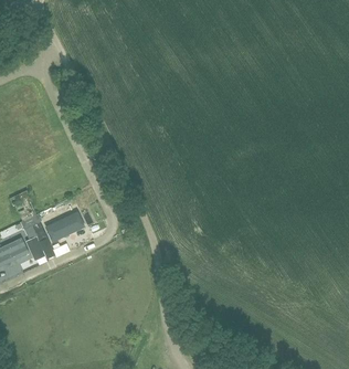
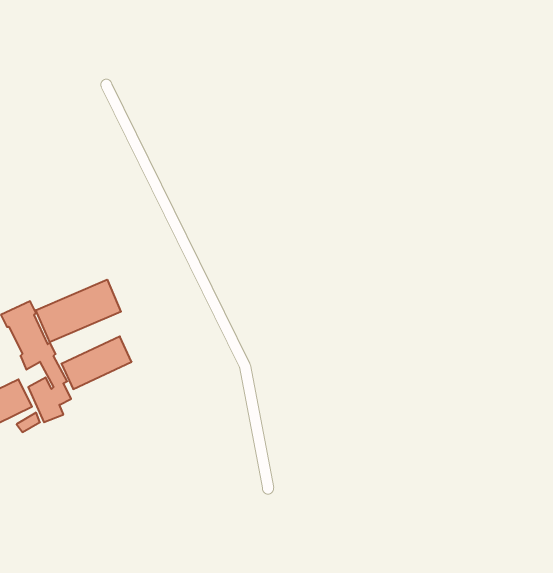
building: none -> [36,280,121,342]

